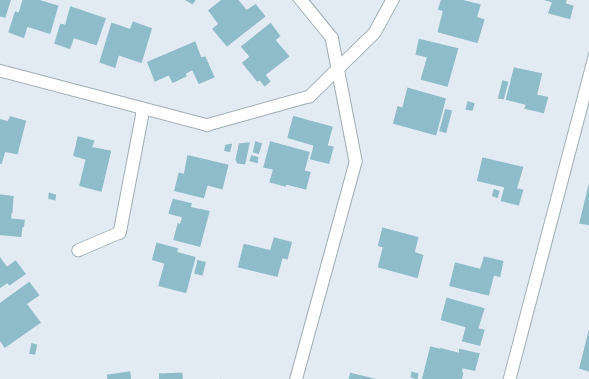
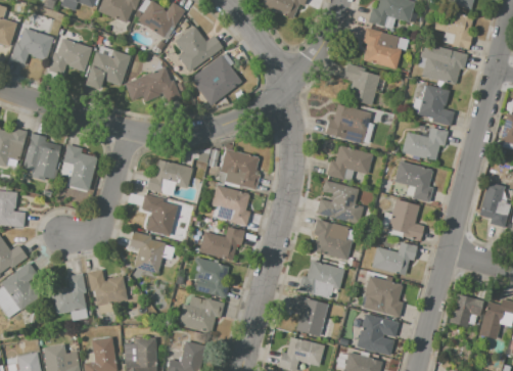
building: none -> [422,49,469,84]
building: none -> [403,126,449,160]
building: [286,115,335,165] -> [212,184,251,225]
building: none -> [22,132,62,179]
building: none -> [327,144,373,179]
building: none -> [317,180,364,225]
building: none -> [381,198,427,241]
building: none -> [190,257,229,298]
building: none -> [298,260,345,298]
building: none -> [88,269,128,313]
building: none -> [51,273,89,321]
building: none -> [292,294,328,335]
building: none -> [450,294,482,327]
building: none -> [177,295,225,332]

